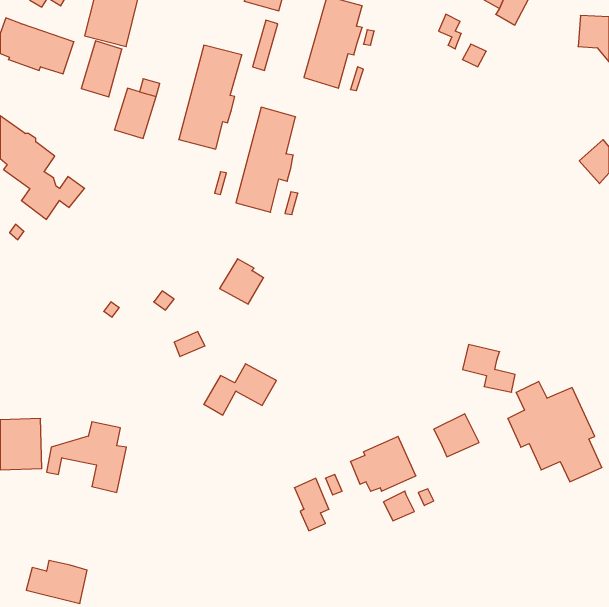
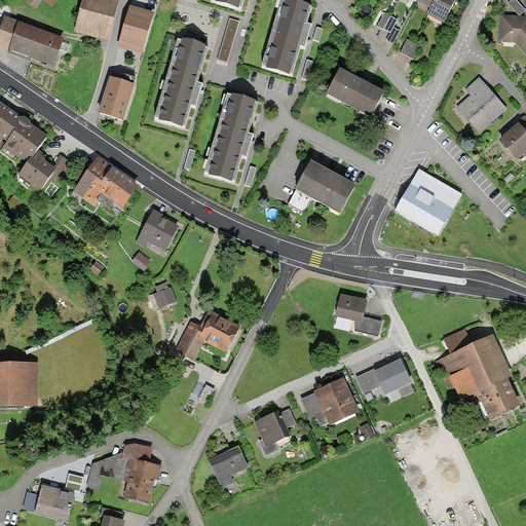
building: [81,41,122,97] -> [118,4,153,52]
building: none -> [329,69,382,113]
building: none -> [457,76,505,128]
building: none -> [74,155,139,206]
building: none -> [290,161,356,212]
building: none -> [397,168,460,231]
building: [220,259,264,304] -> [140,209,178,248]
building: [463,345,515,392] -> [336,293,381,334]
building: [47,422,126,492] -> [87,442,156,502]
building: [383,491,414,521] -> [354,367,381,392]
building: none -> [210,445,249,487]

